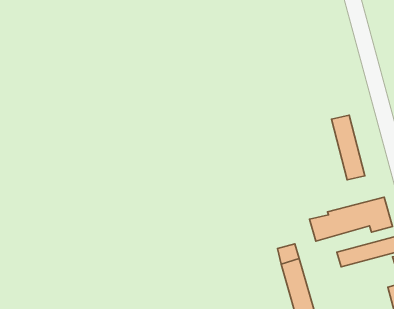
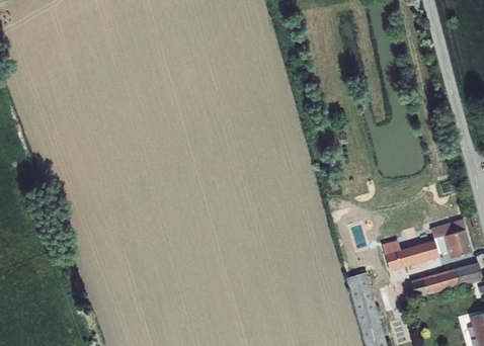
building: [332,115,365,180] -> none

